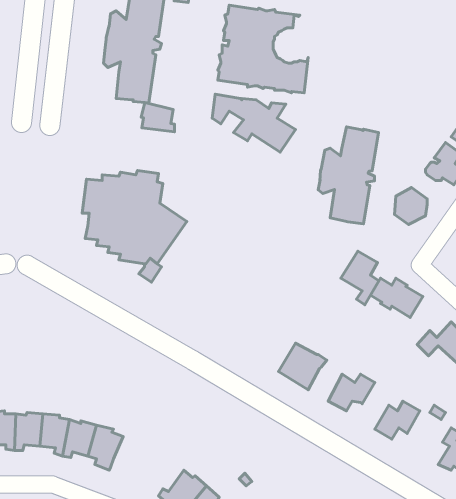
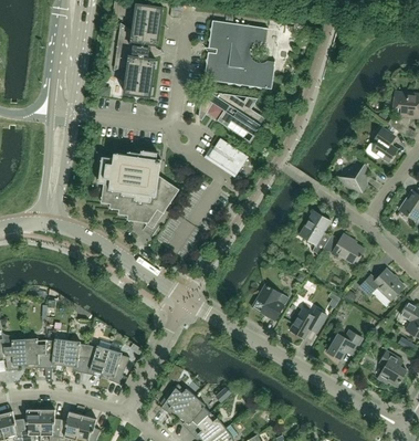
building: [141,102,174,132] -> none
building: [318,127,379,224] -> none
building: none -> [208,138,248,175]

